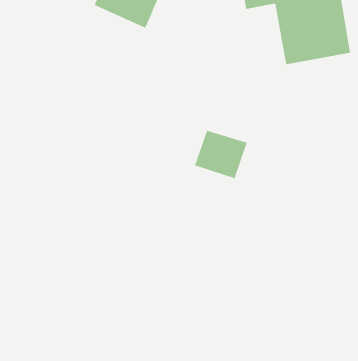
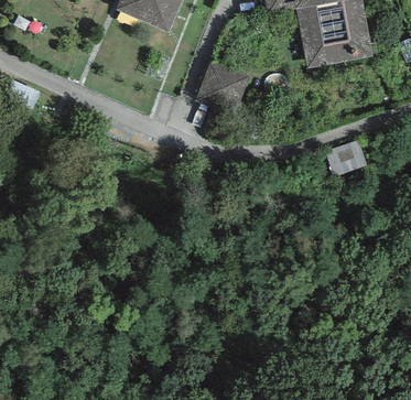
building: [194,130,247,179] -> [202,62,255,110]
building: none -> [324,138,368,176]

